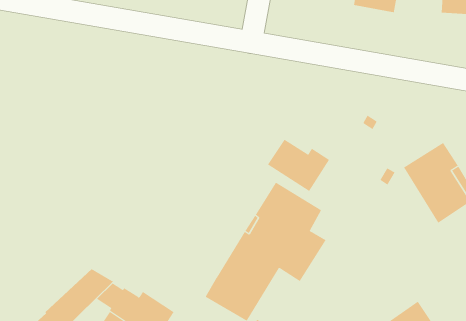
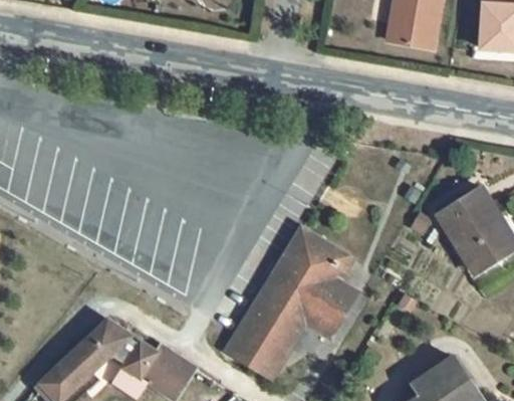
building: [267,139,330,192] -> none

